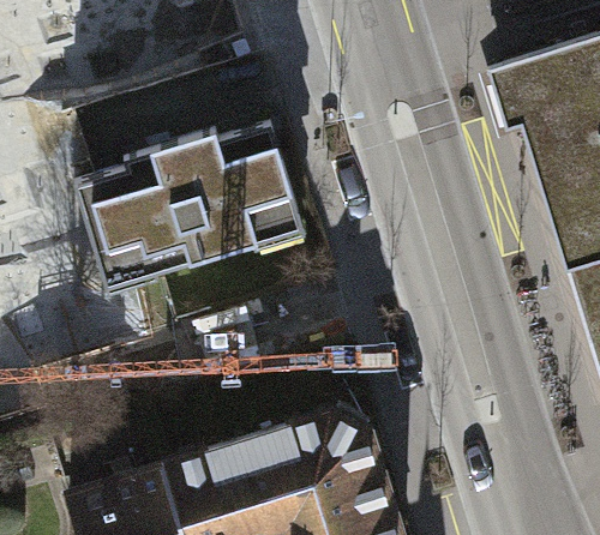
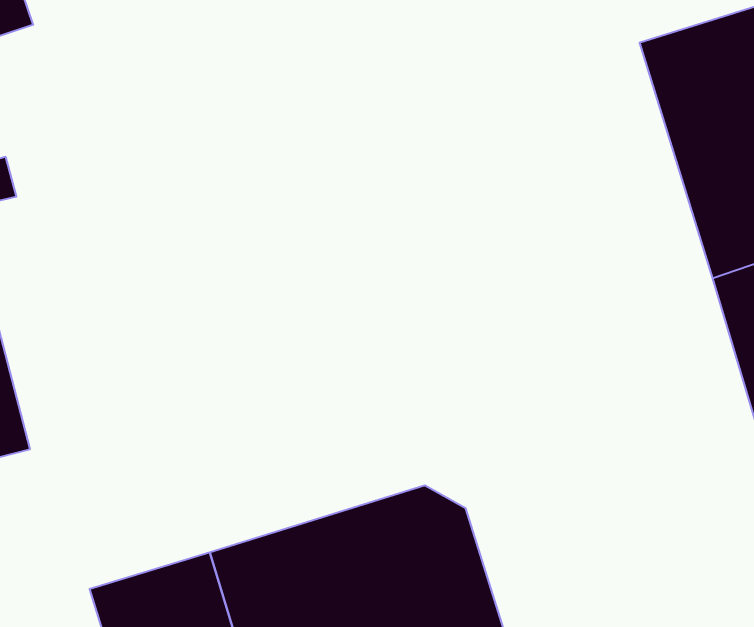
building: [78,125,302,290] -> none

